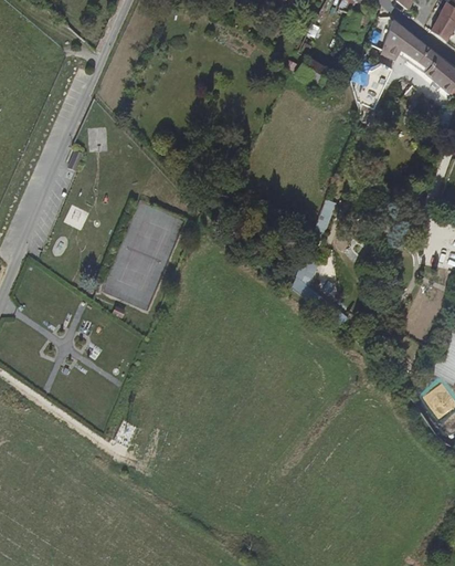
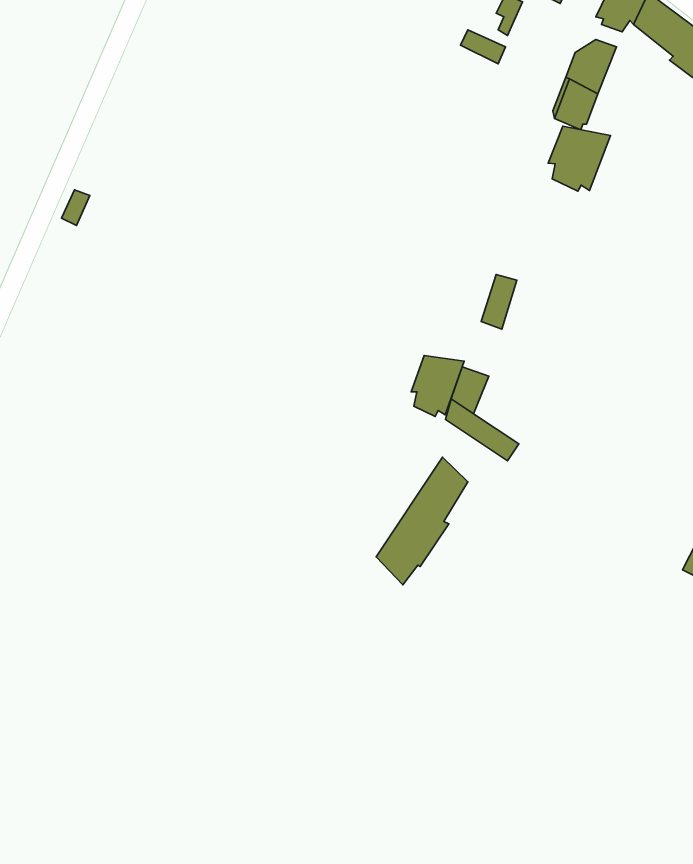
building: none -> [548,126,611,191]
building: none -> [411,356,464,416]
building: none -> [376,457,468,585]

